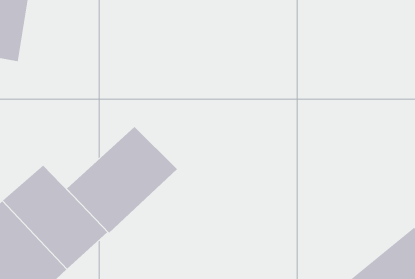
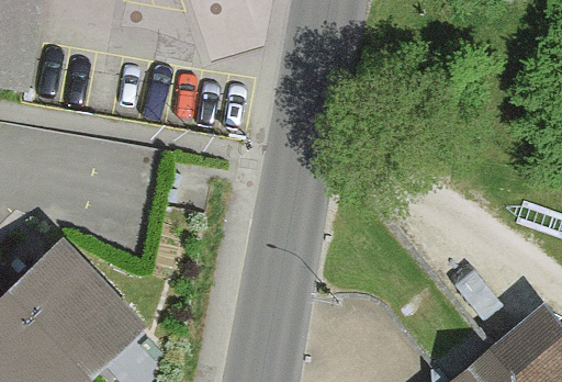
building: [66,126,178,233] -> none

